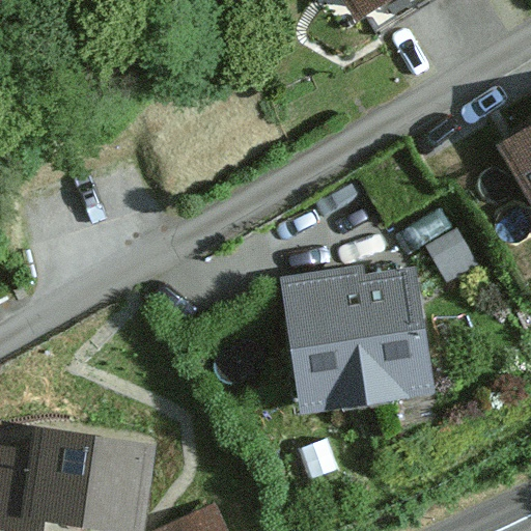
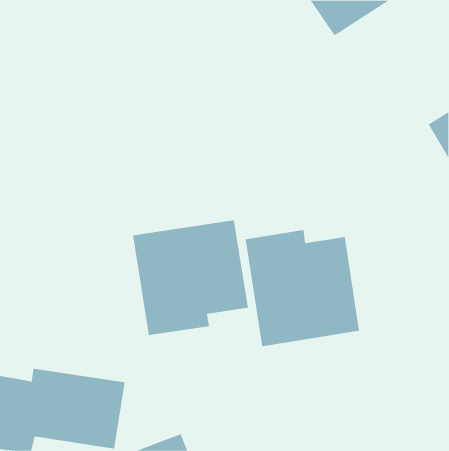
building: none -> [133,220,248,336]

